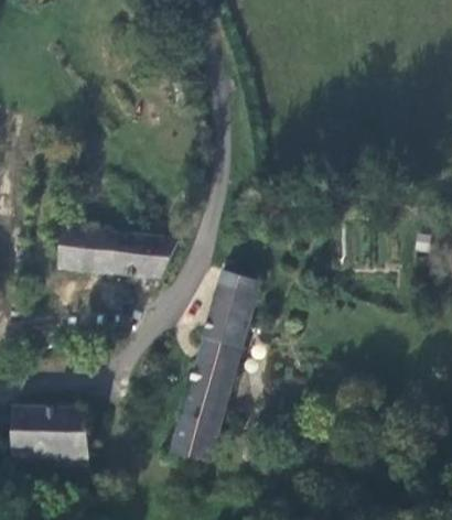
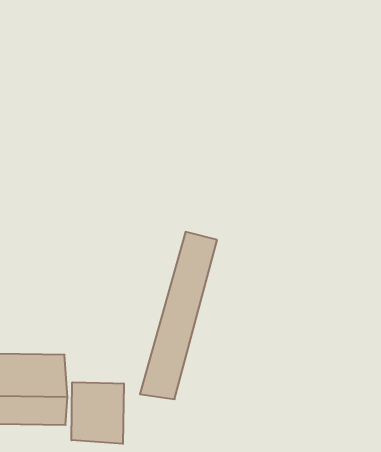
building: [57,220,184,275] -> none
building: none -> [71,382,124,444]

